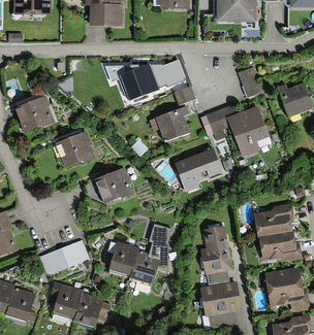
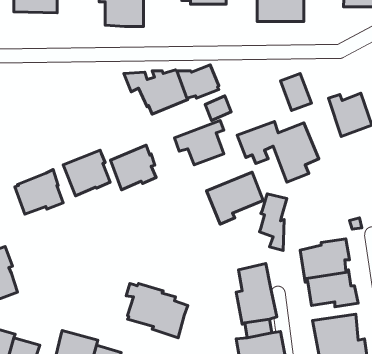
building: [14,94,55,131] -> [15,170,63,214]
building: [94,166,132,203] -> [110,145,156,190]
building: [148,224,170,271] -> [260,194,287,251]
building: [38,239,89,276] -> none

